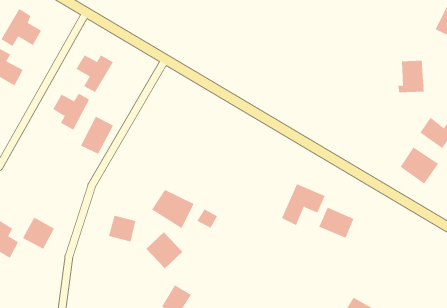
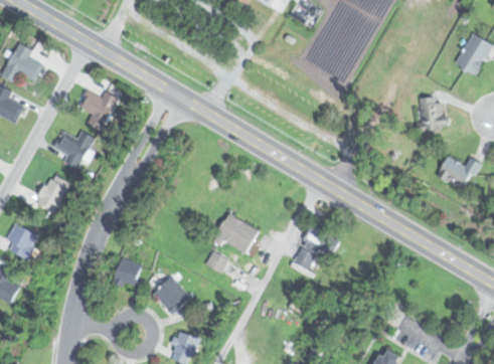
building: [80,116,114,154] -> [36,174,71,214]
building: [400,147,439,184] -> none
building: [151,189,194,229] -> [215,214,261,255]
building: [318,207,354,238] -> none
building: [22,217,55,250] -> [5,224,39,258]

